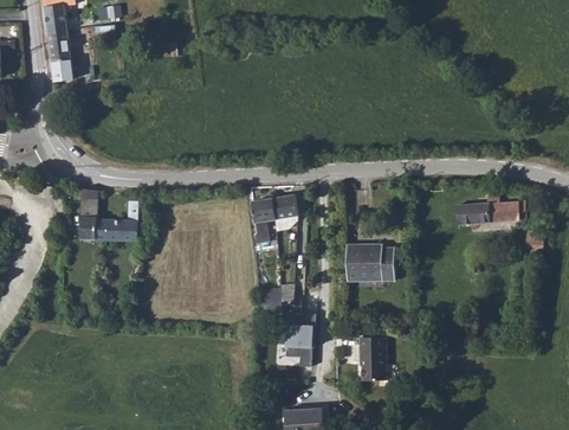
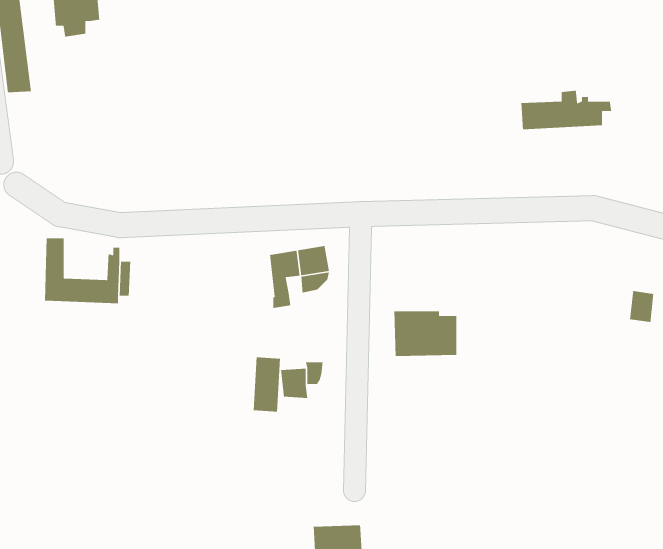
building: [457,194,526,225] -> [520,90,612,130]
building: [280,321,302,364] -> [253,357,281,412]
building: [358,335,386,378] -> none

